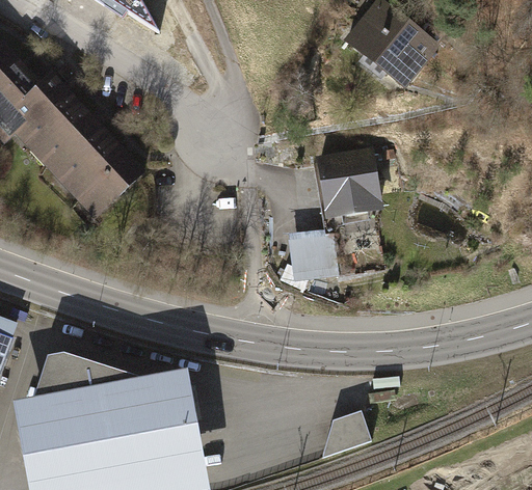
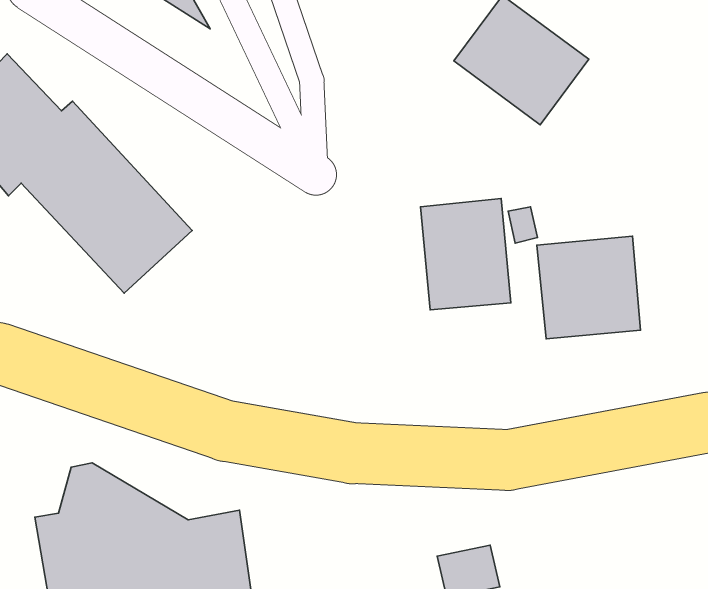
building: none -> [537,236,641,339]
building: [291,235,342,281] -> none

